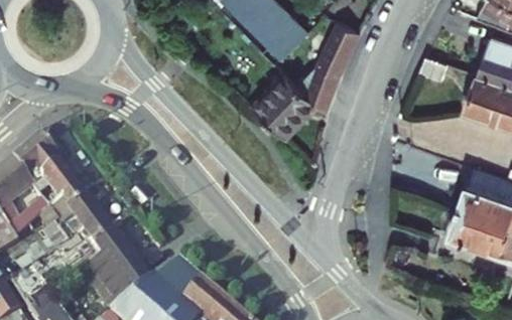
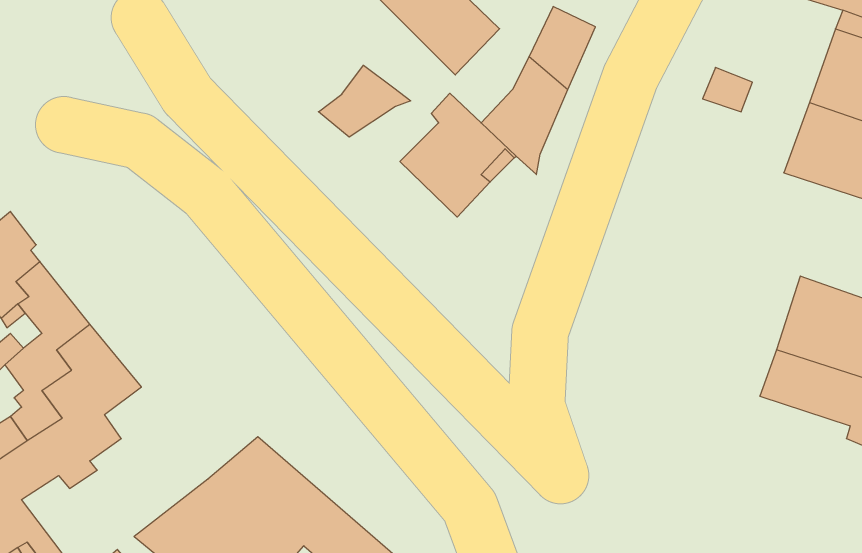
building: none -> [318,65,411,137]
building: [85,228,149,307] -> none

